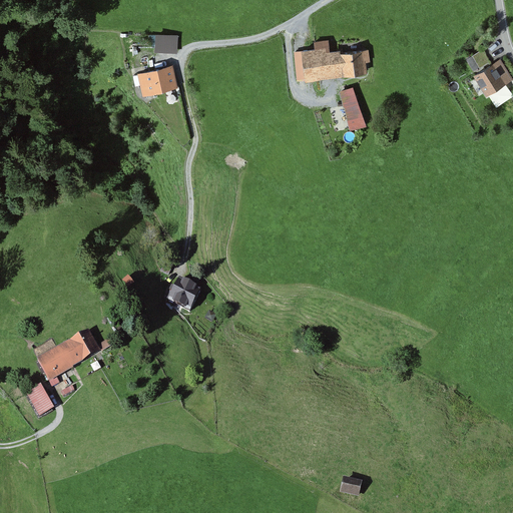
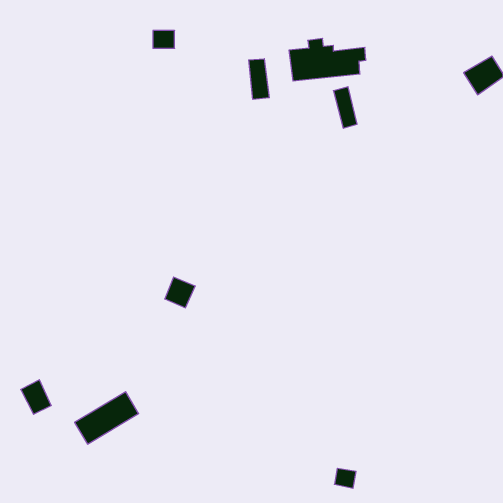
building: none -> [249,59,269,99]
building: [139,64,177,97] -> none
building: [33,333,98,386] -> [75,392,139,444]

